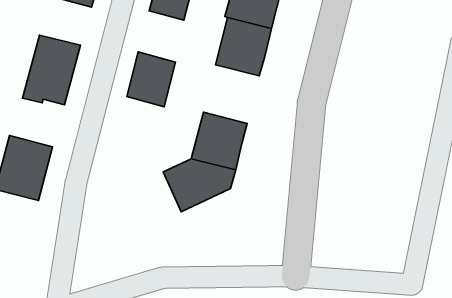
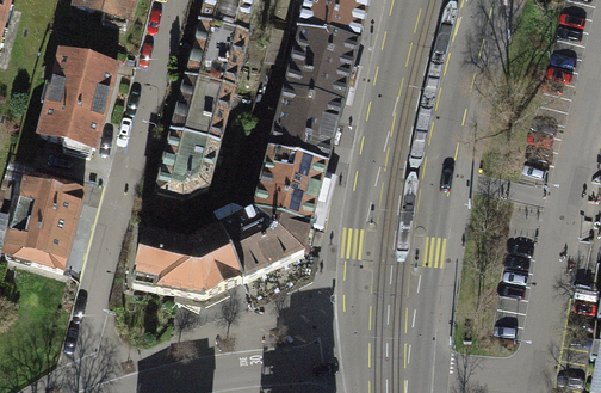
building: none -> [186,19,248,85]
building: none -> [269,88,341,164]
building: none -> [156,129,219,196]
building: none -> [131,226,241,294]

